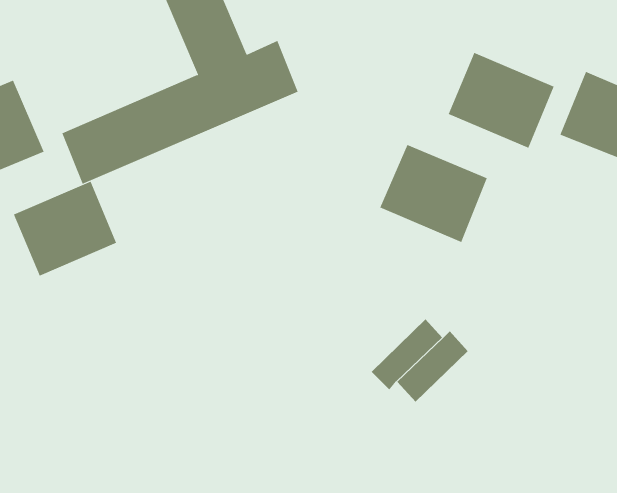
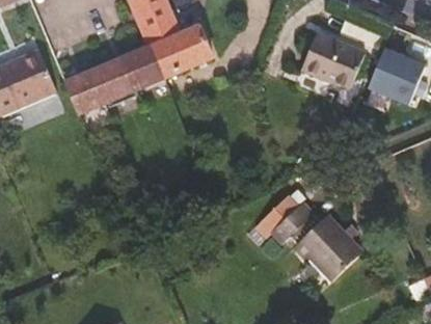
building: [380,144,487,243] -> none
building: [13,181,117,276] -> none
building: none -> [296,214,363,282]

